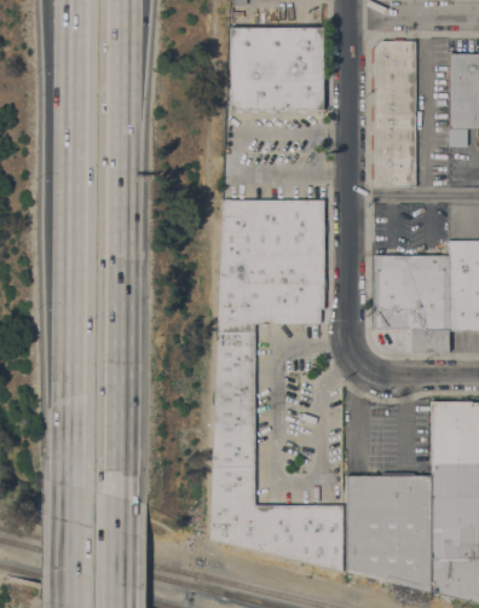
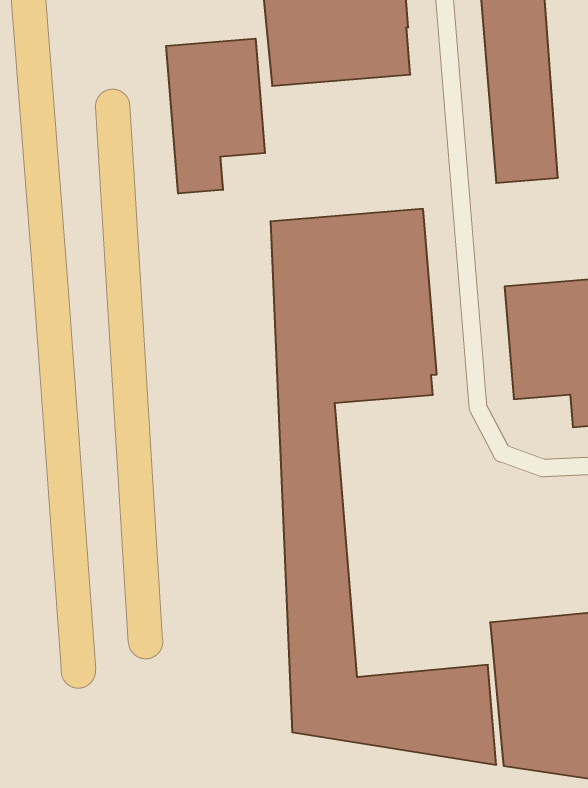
building: none -> [166,39,265,194]

